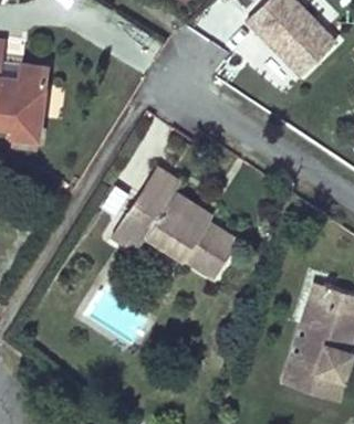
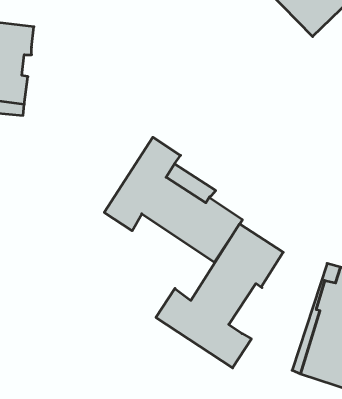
building: none -> [156,224,283,368]

